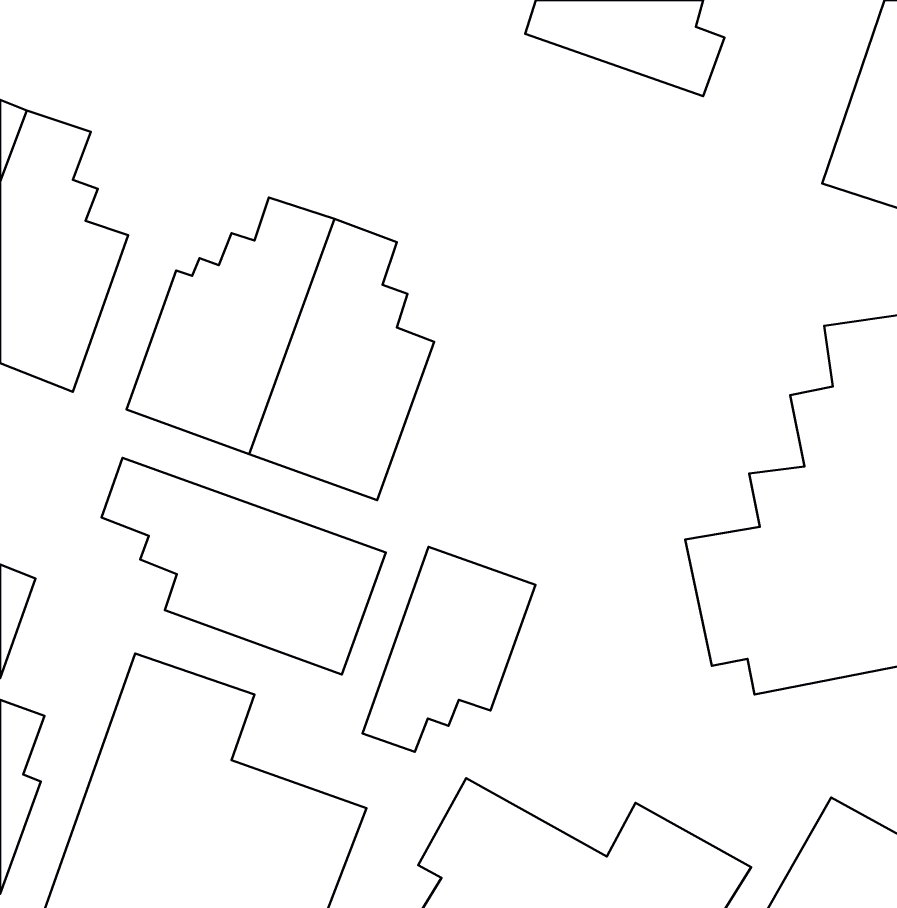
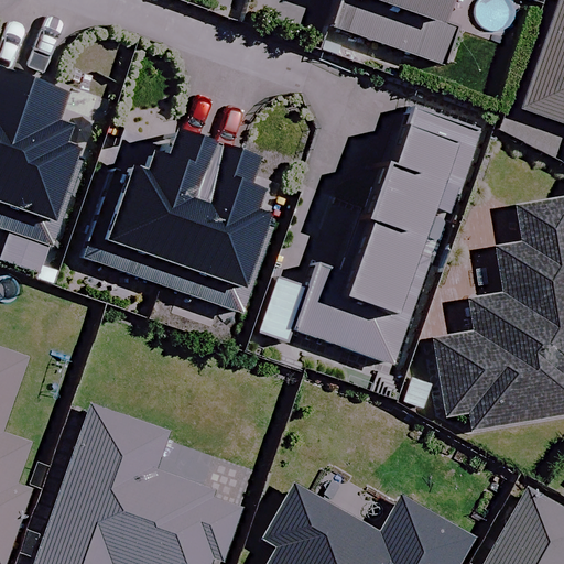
building: none -> [300,108,479,360]
building: [102,458,386,675] -> none
building: [363,547,535,752] -> none

